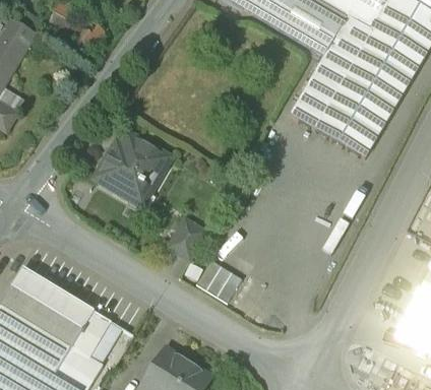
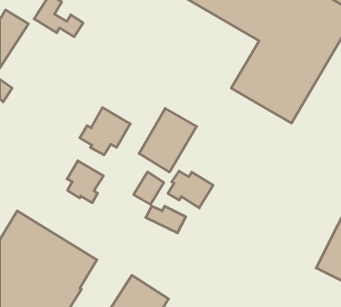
building: none -> [139,108,197,172]
building: none -> [67,161,103,203]
building: none -> [168,171,213,208]

